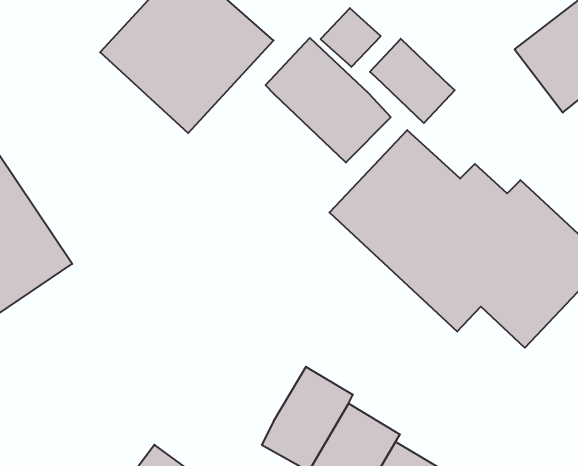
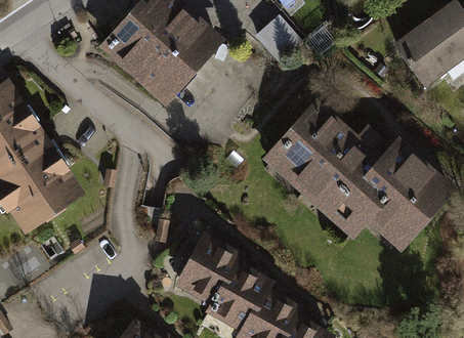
building: [266,38,391,163] -> none
building: [370,39,455,123] -> none
building: none -> [180,235,248,303]

